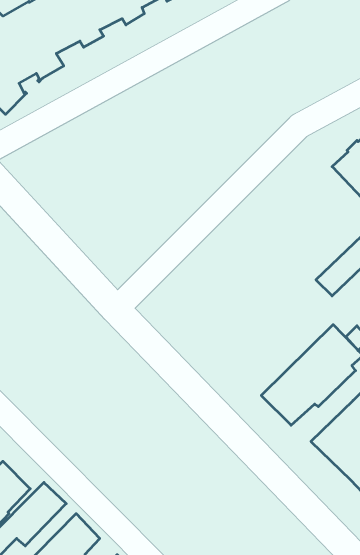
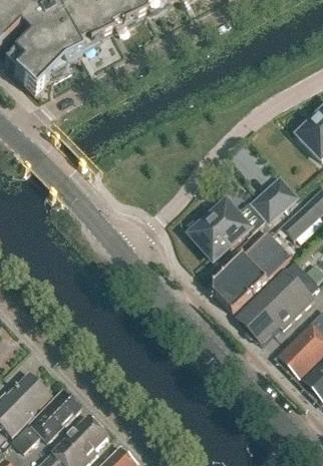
building: none -> [249,174,298,222]
building: none -> [192,202,251,256]
building: none -> [217,232,294,314]

